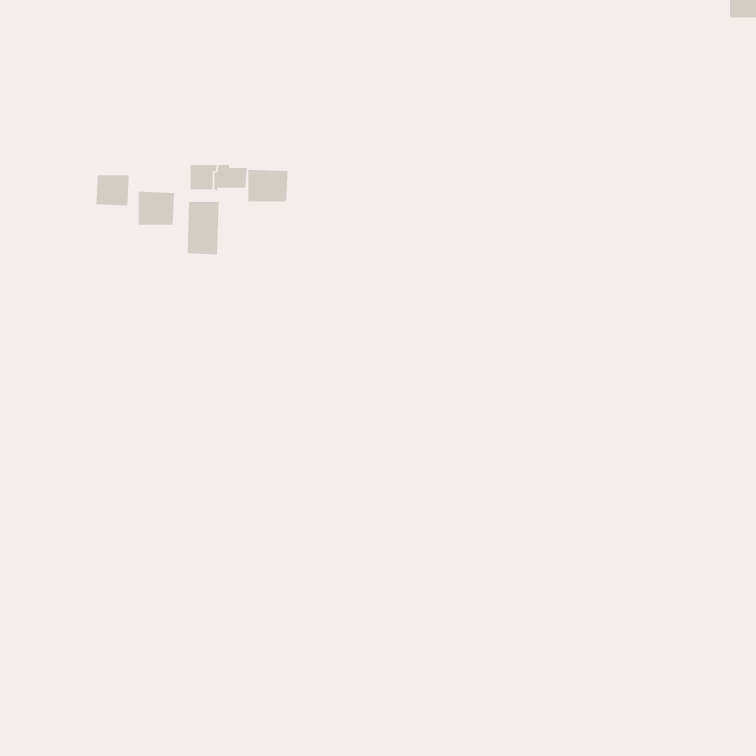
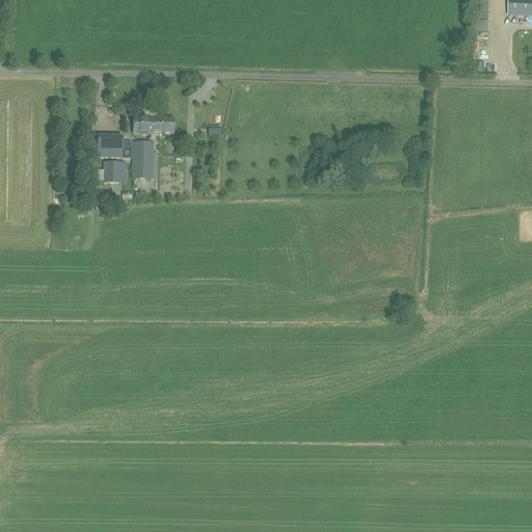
building: [248,169,288,202] -> none
building: [96,175,130,206] -> [103,161,127,183]

